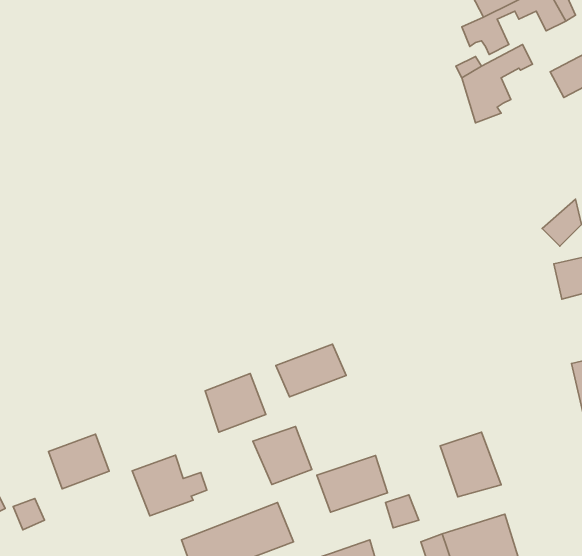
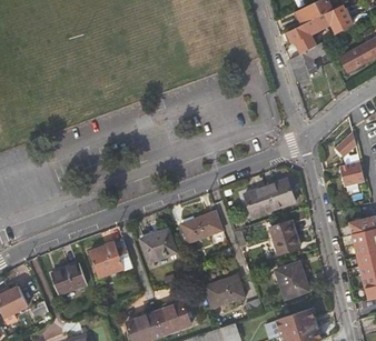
building: none -> [245,178,296,215]
building: none -> [269,220,298,253]
building: [253,427,312,485] -> none
building: [132,455,207,516] -> [89,241,131,275]

